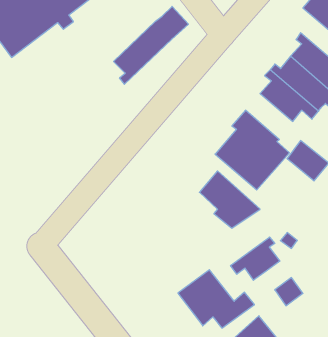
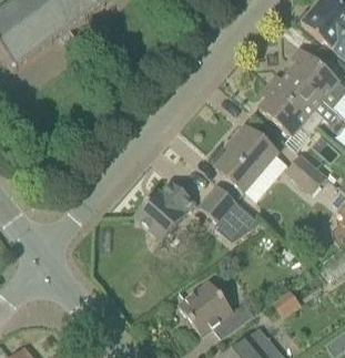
building: [114,6,188,84] -> none
building: none -> [134,180,195,239]
building: [231,237,280,280] -> none

